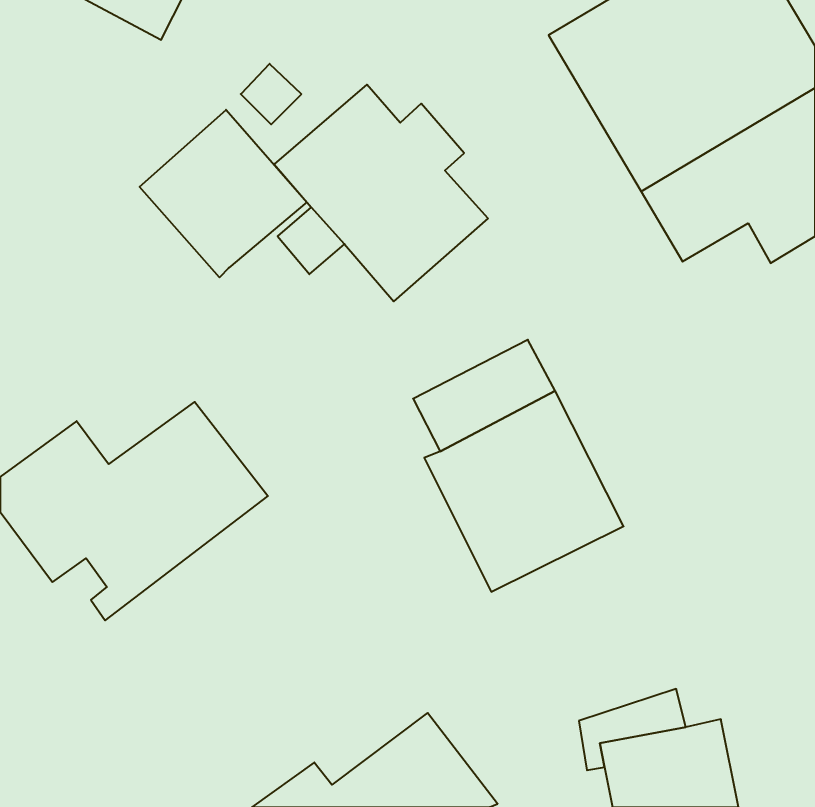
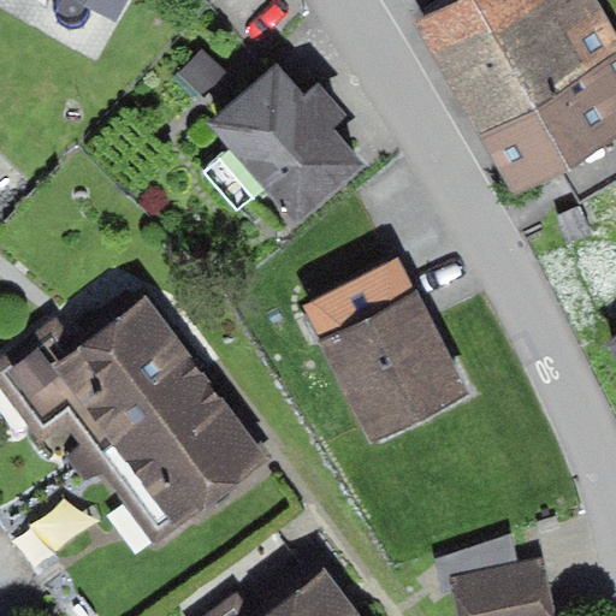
building: [140,110,307,277] -> none
building: none -> [79,374,268,543]

